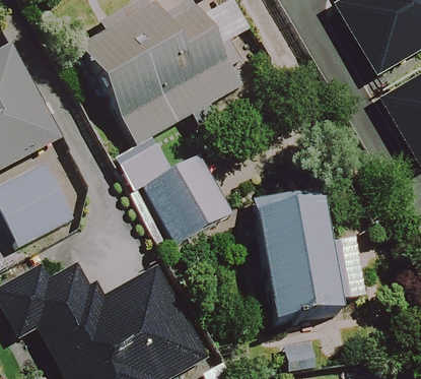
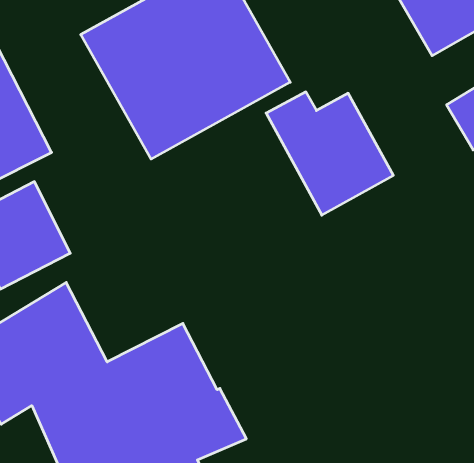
building: [134,147,231,242] -> [266,92,393,215]
building: [256,199,365,321] -> none

